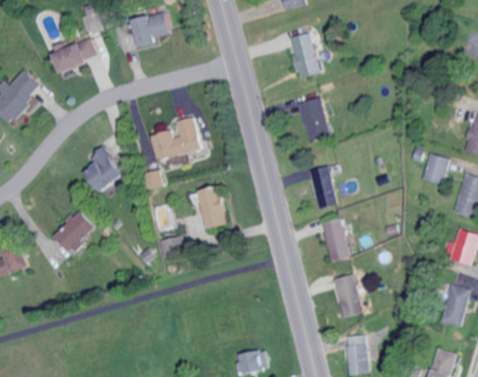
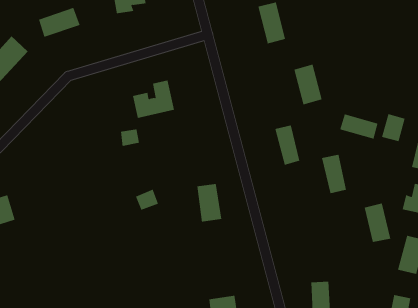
building: [296,97,328,141] -> [293,64,323,105]
building: [84,147,125,192] -> none
building: none -> [339,113,378,139]
building: [199,186,226,228] -> [197,183,222,222]
building: [54,210,97,252] -> none
building: [321,217,348,260] -> [321,154,347,194]
building: [333,274,362,317] -> [364,203,391,242]

